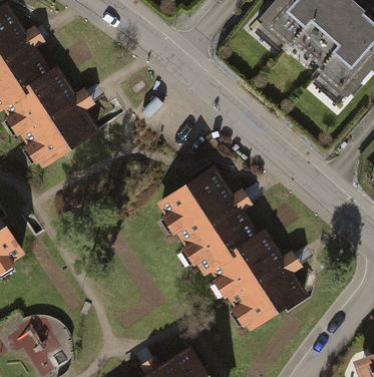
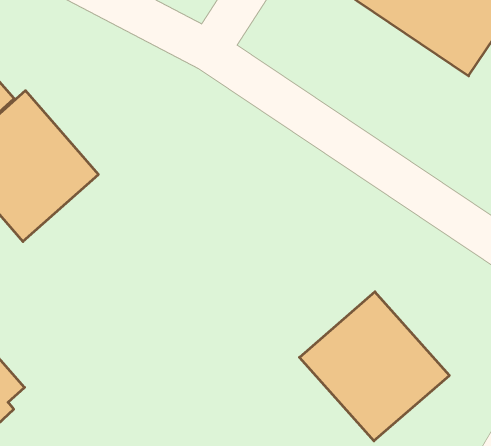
building: [156,169,256,273] -> none

